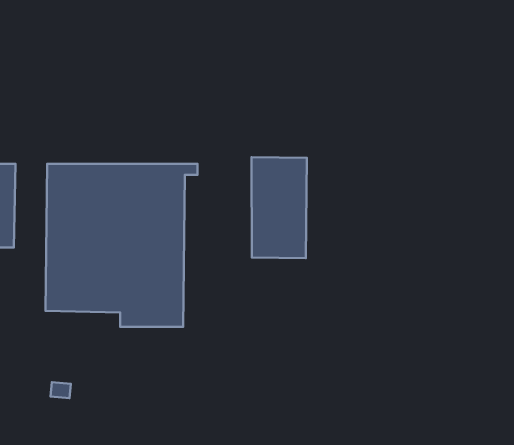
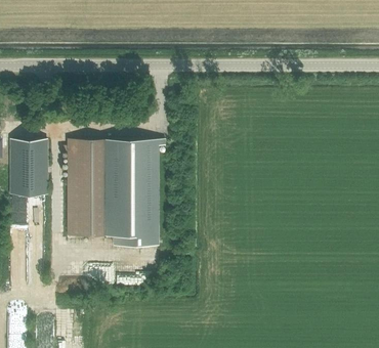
building: [251,157,307,258] -> none

